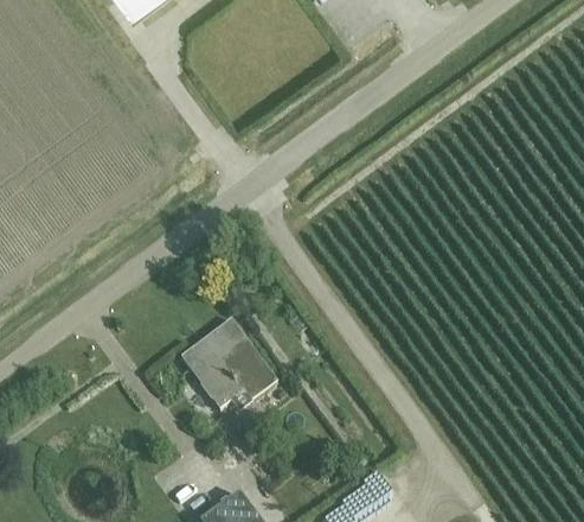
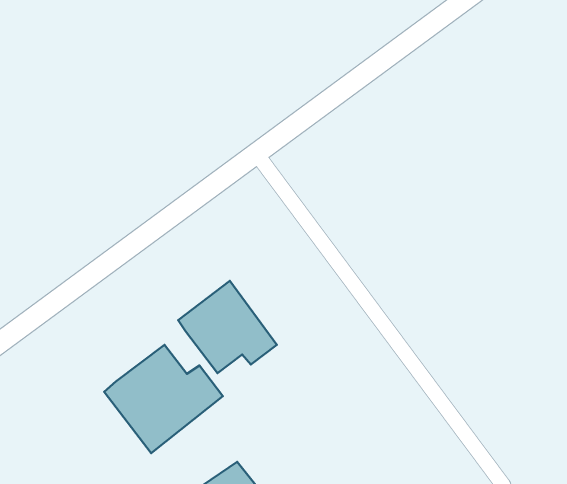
building: none -> [104,345,223,453]

